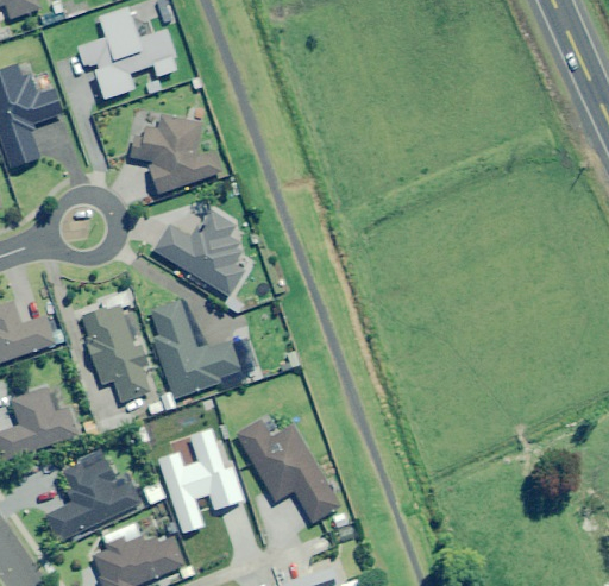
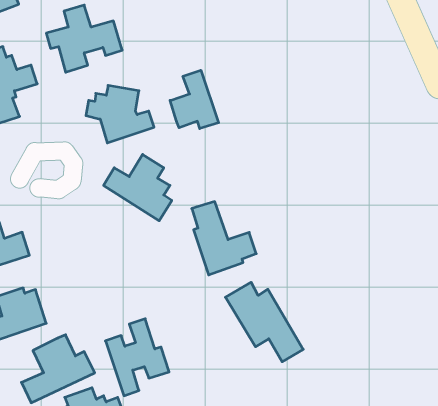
building: none -> [170,70,219,129]
building: [82,291,150,402] -> none
building: [151,301,238,399] -> [192,202,256,275]
building: [237,415,341,522] -> [225,282,303,362]

